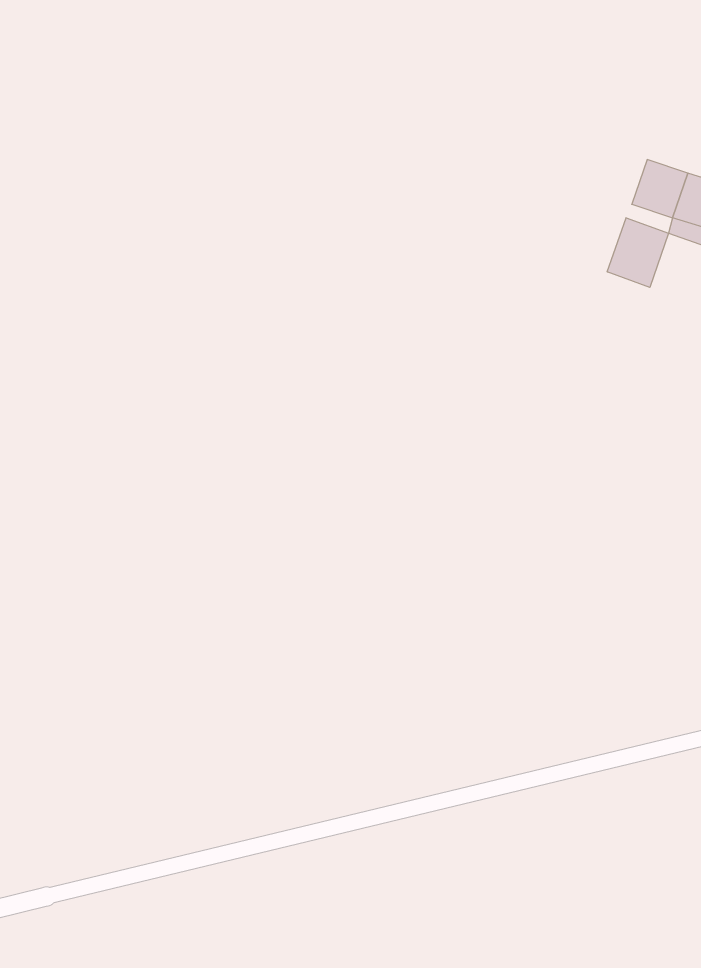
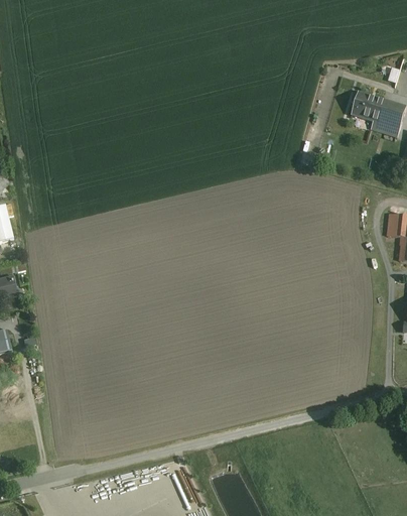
building: [607,218,669,287] -> none

